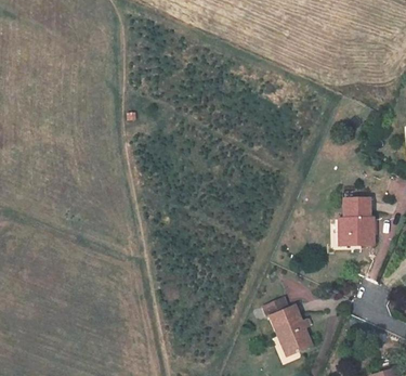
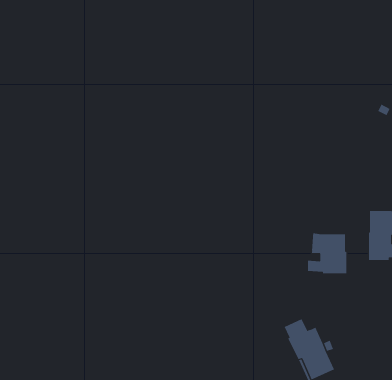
building: none -> [308,233,347,274]

